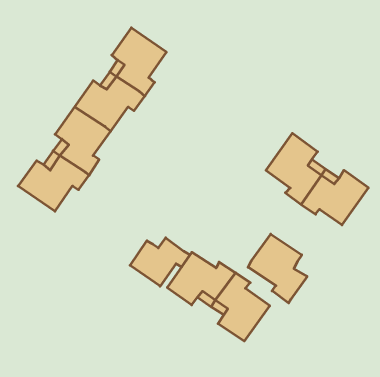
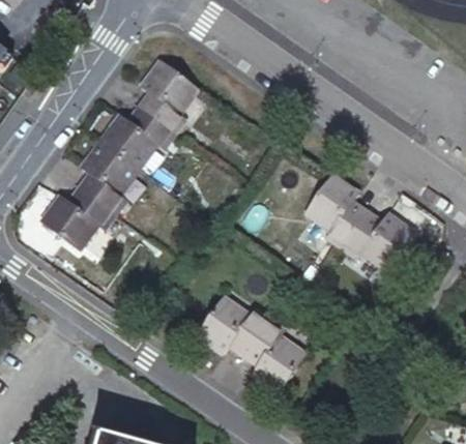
building: [248,234,307,303] -> none
building: [130,238,190,286] -> none

